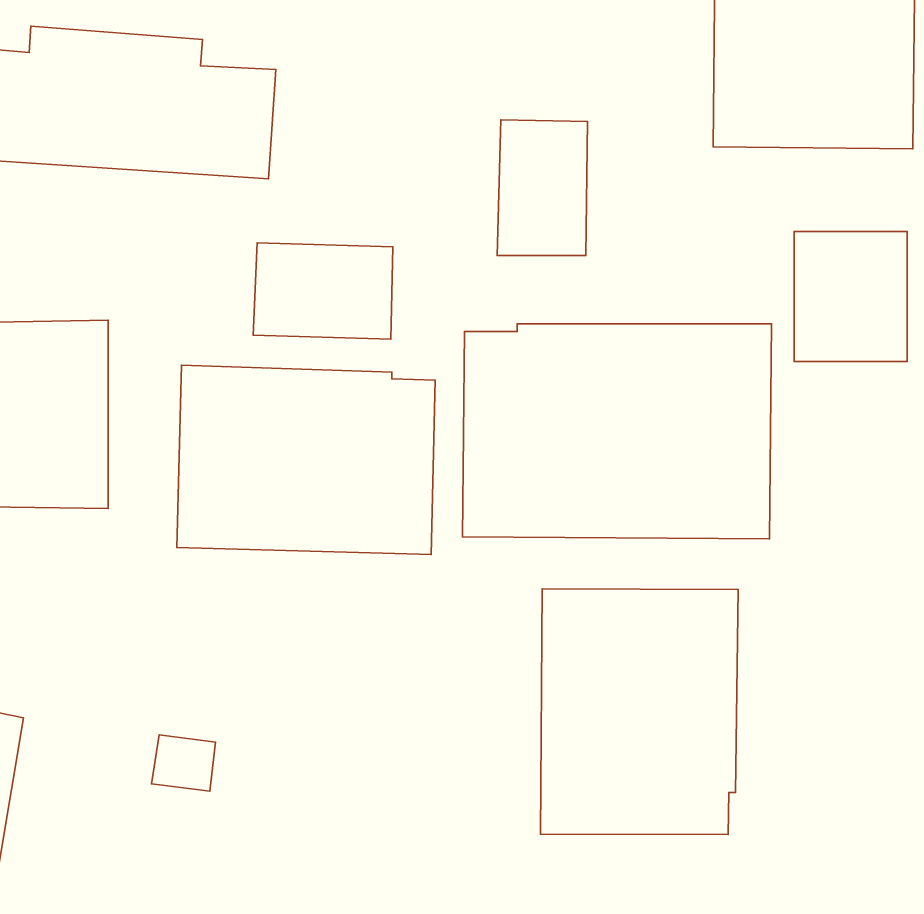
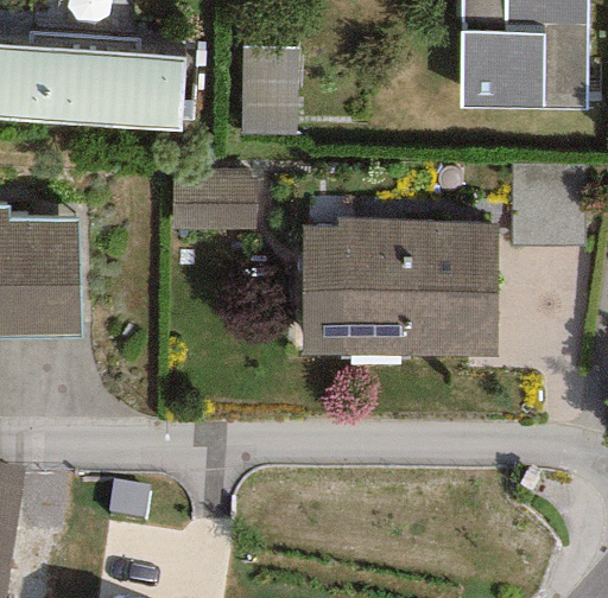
building: [497,120,588,255] -> [241,49,298,134]
building: [177,365,435,555] -> none
building: [541,589,738,835] -> none

